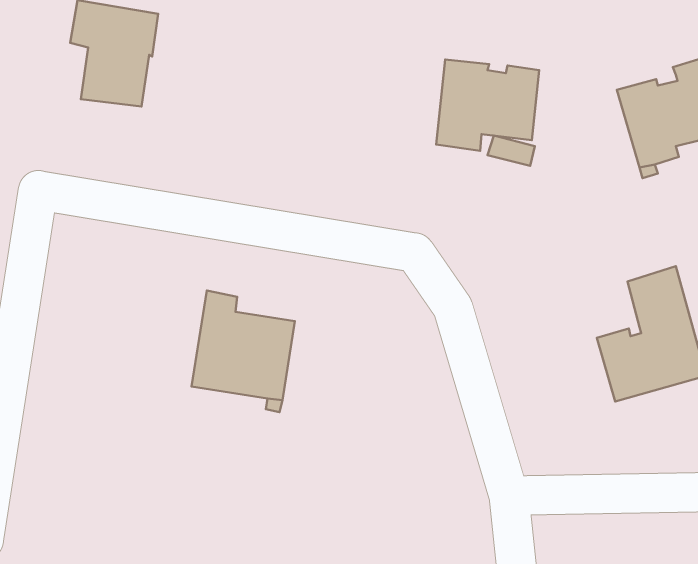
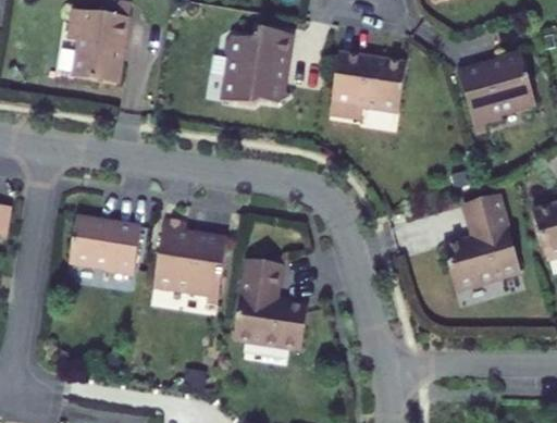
building: none -> [220,29,287,107]
building: none -> [70,216,141,274]
building: none -> [234,257,309,348]

